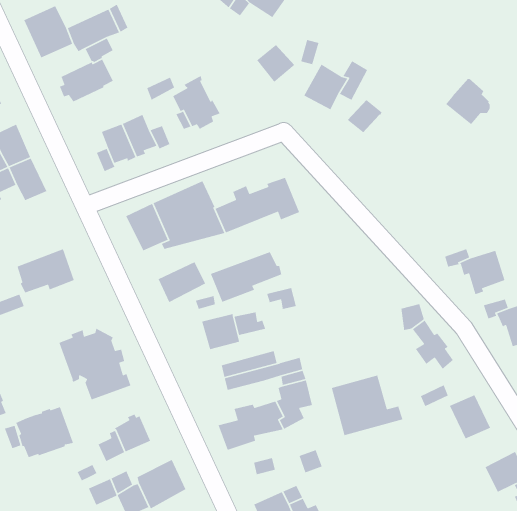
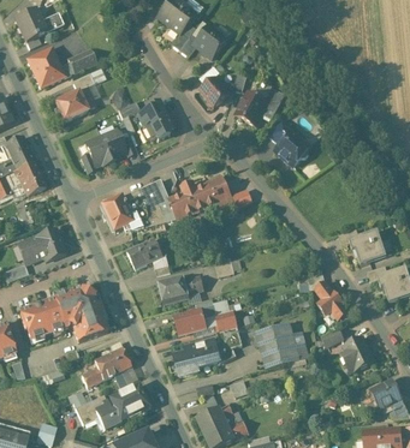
building: [445,78,491,125] -> [274,130,308,165]
building: [210,251,282,303] -> none
building: [15,406,74,458] -> [19,299,63,338]

